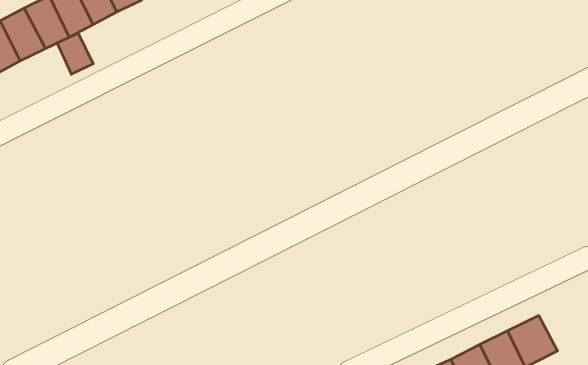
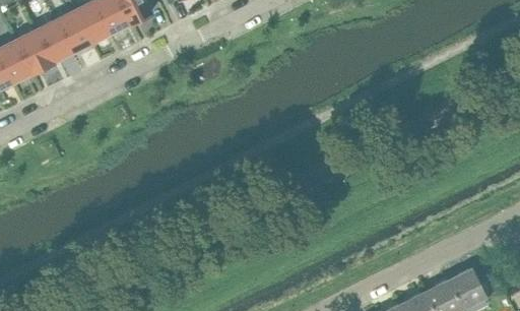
building: [57,33,93,74] -> none

